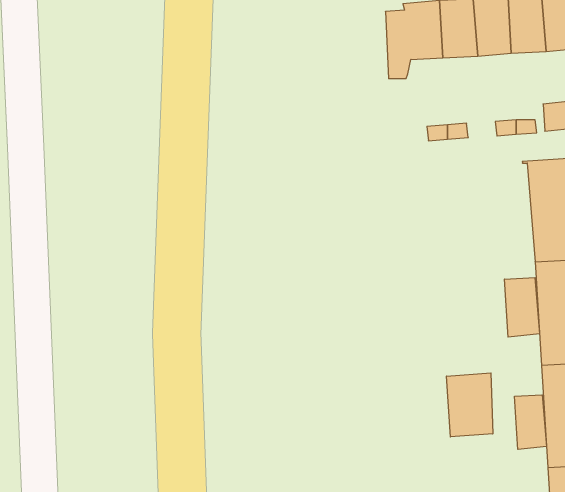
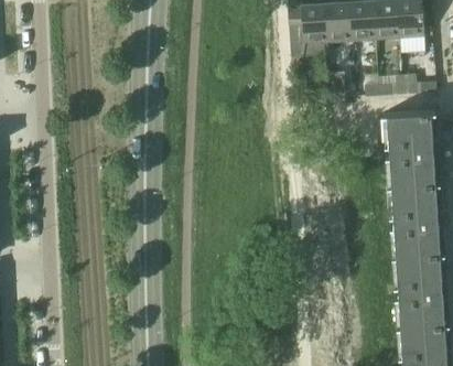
building: [505,278,540,337] -> none
building: [447,373,493,437] -> none
building: [515,395,547,449] -> none

